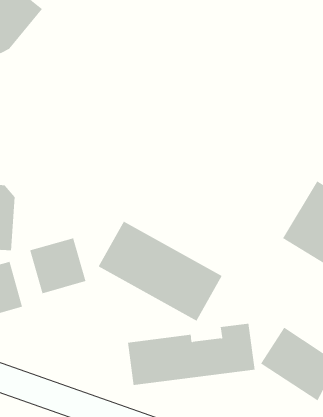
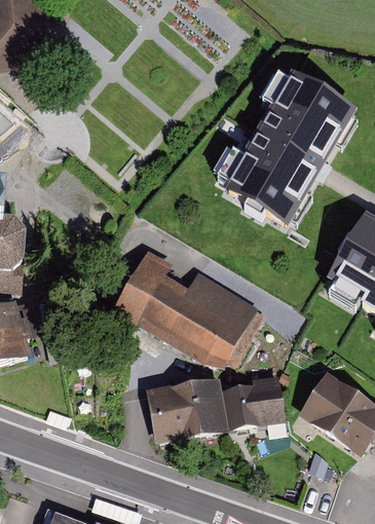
building: none -> [219,68,353,224]
building: [29,237,86,294] -> none

